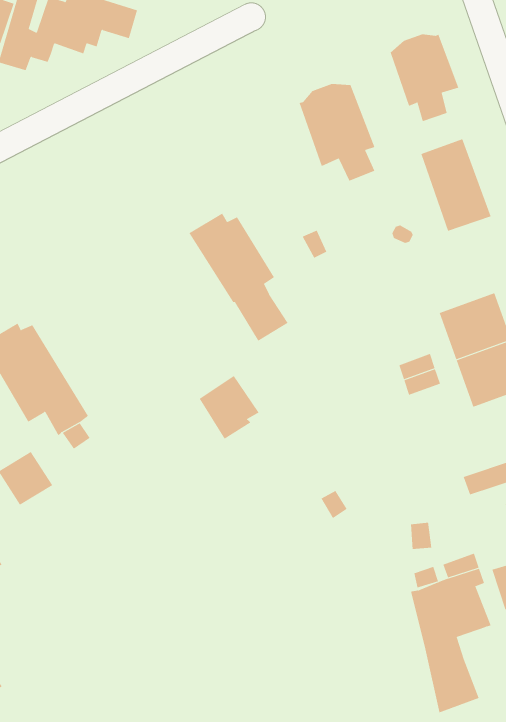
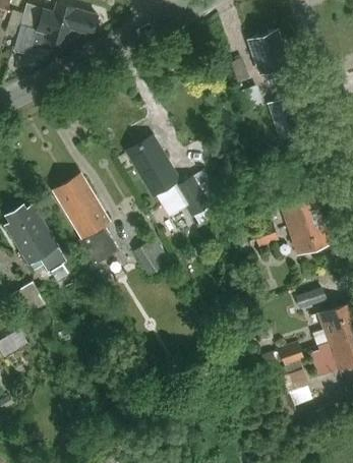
building: [299,83,375,182] -> none
building: none -> [176,176,211,214]
building: none -> [58,177,119,265]

